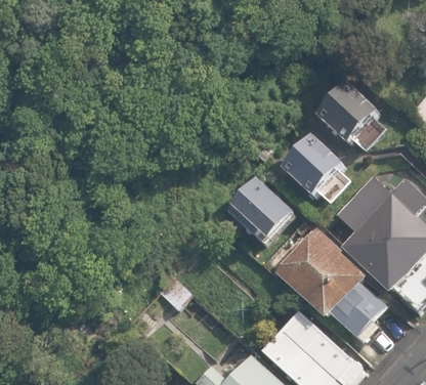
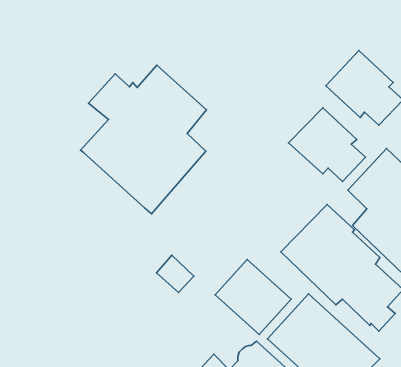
building: none -> [81,65,207,214]
building: [225,177,296,247] -> [215,260,291,334]

